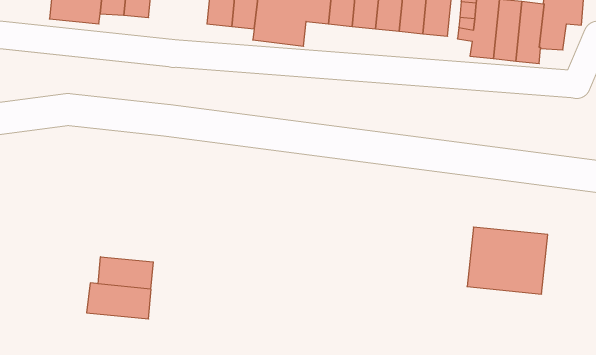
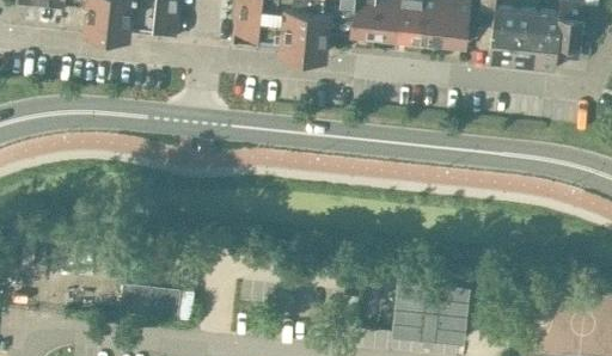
building: [467,227,548,294] -> [392,277,470,342]
building: [98,257,153,289] -> none

